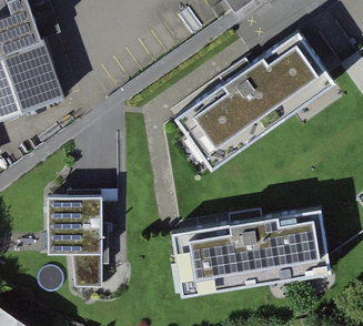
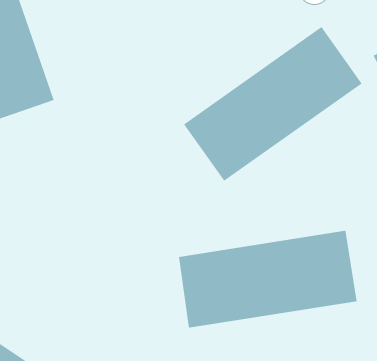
building: [46,200,103,284] -> none

